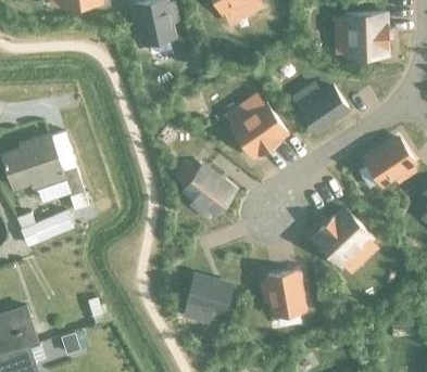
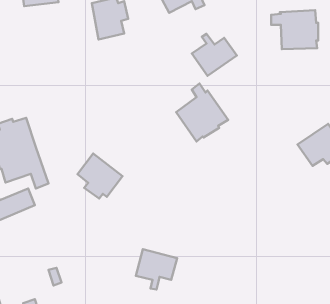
building: [298,85,348,131] -> [192,34,237,76]
building: [184,167,234,217] -> [77,154,123,199]
building: [314,209,377,267] -> none
building: [262,272,303,317] -> none

